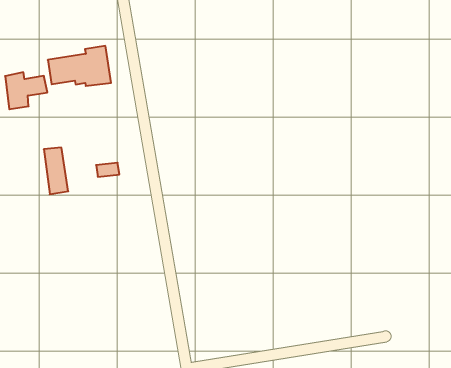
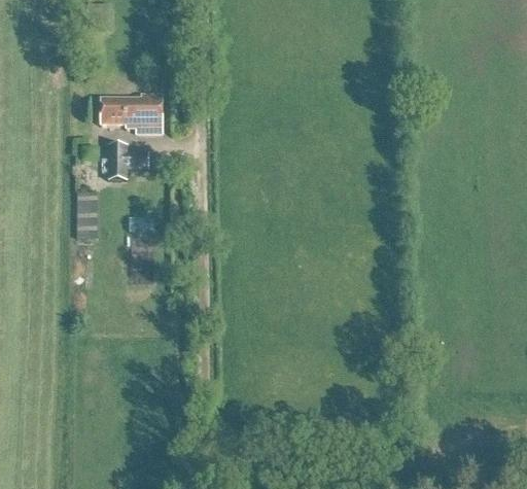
building: [5,72,47,109] -> [105,143,147,179]

